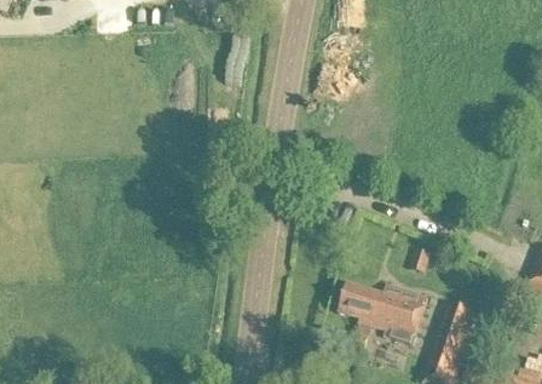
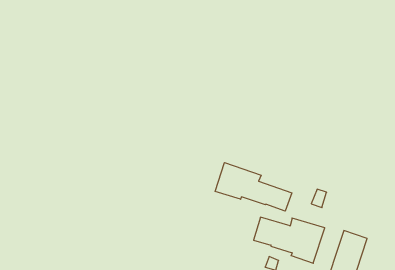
building: none -> [215,163,292,211]

